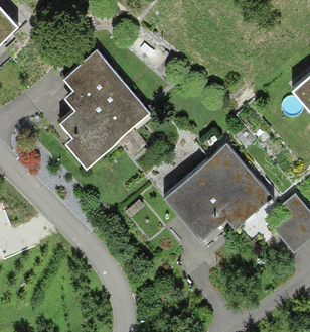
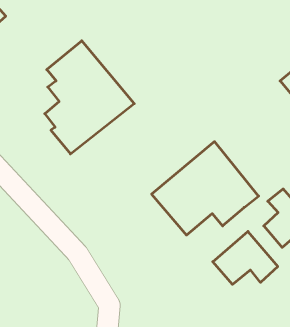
building: none -> [213,231,278,284]

